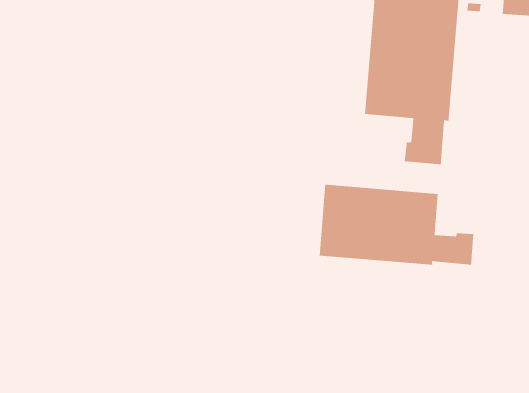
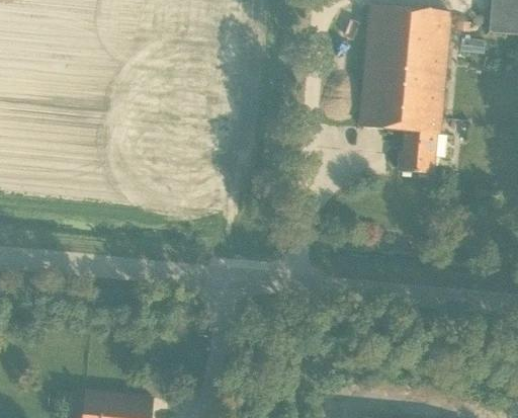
building: [319,184,474,266] -> none

